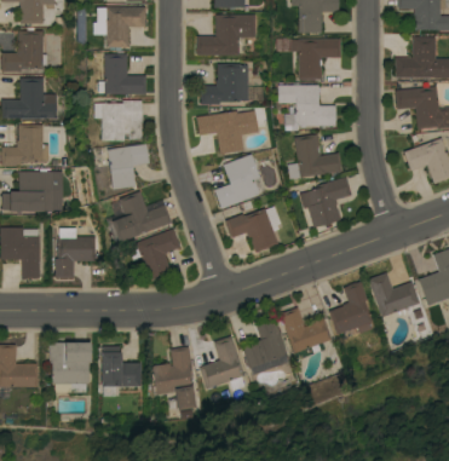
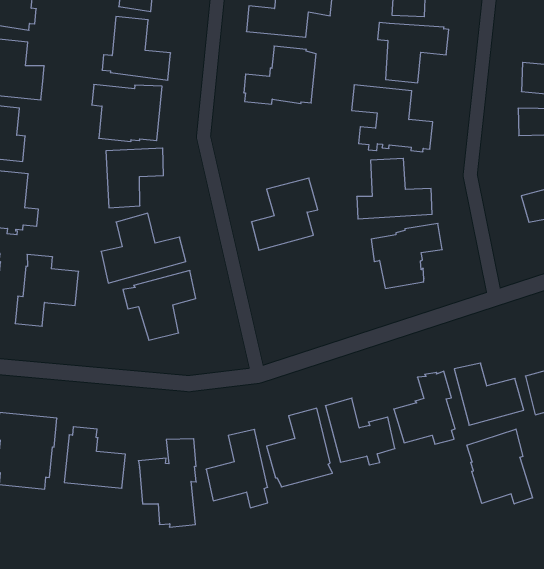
building: [196,110,259,152] -> none
building: [225,206,282,252] -> none
building: none -> [467,429,533,504]

